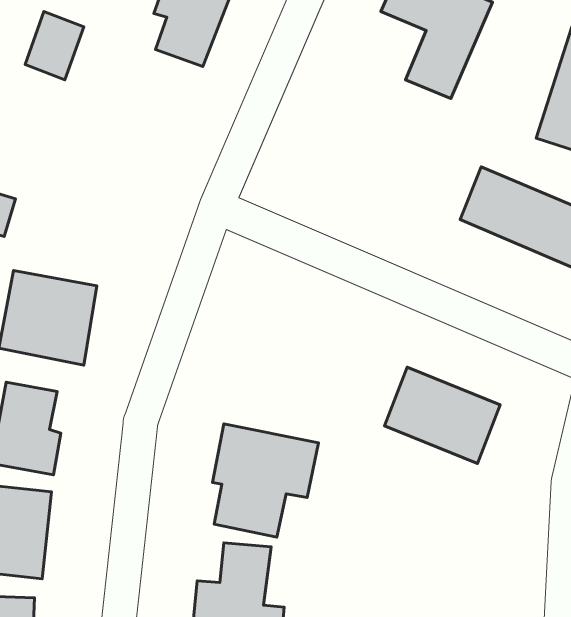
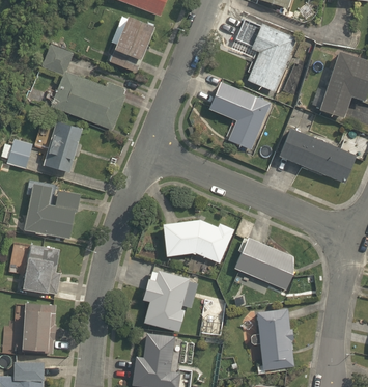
building: none -> [55,72,128,130]
building: none -> [208,79,274,150]
building: none -> [46,122,81,173]
building: none -> [163,219,236,265]
building: none -> [251,308,293,370]

